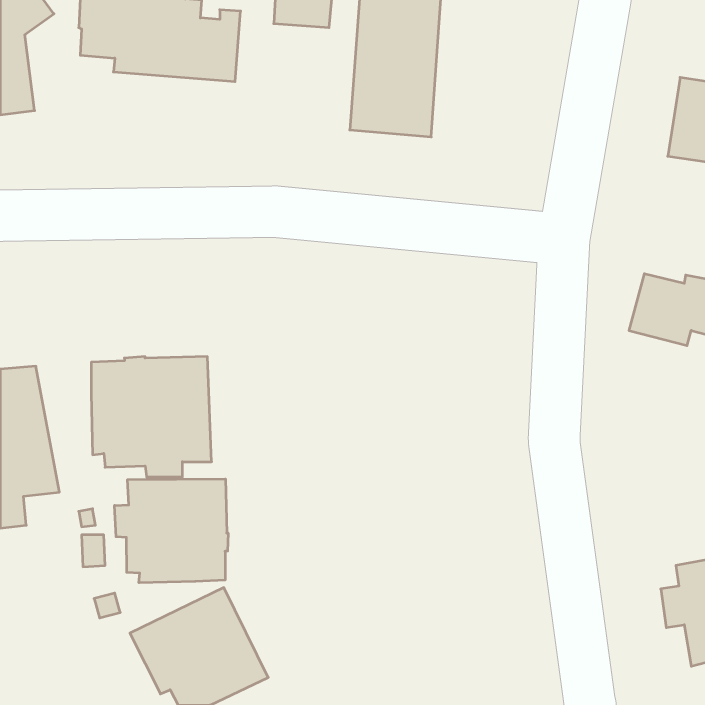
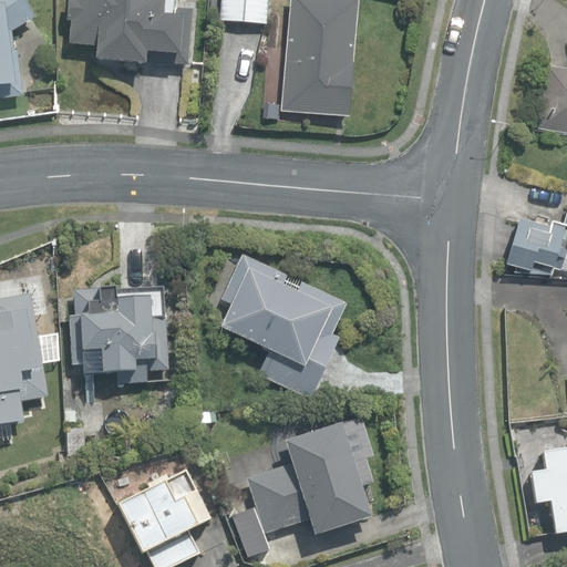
building: none -> [220,255,347,399]
building: [115,479,228,583] -> none
building: none -> [246,423,371,535]

